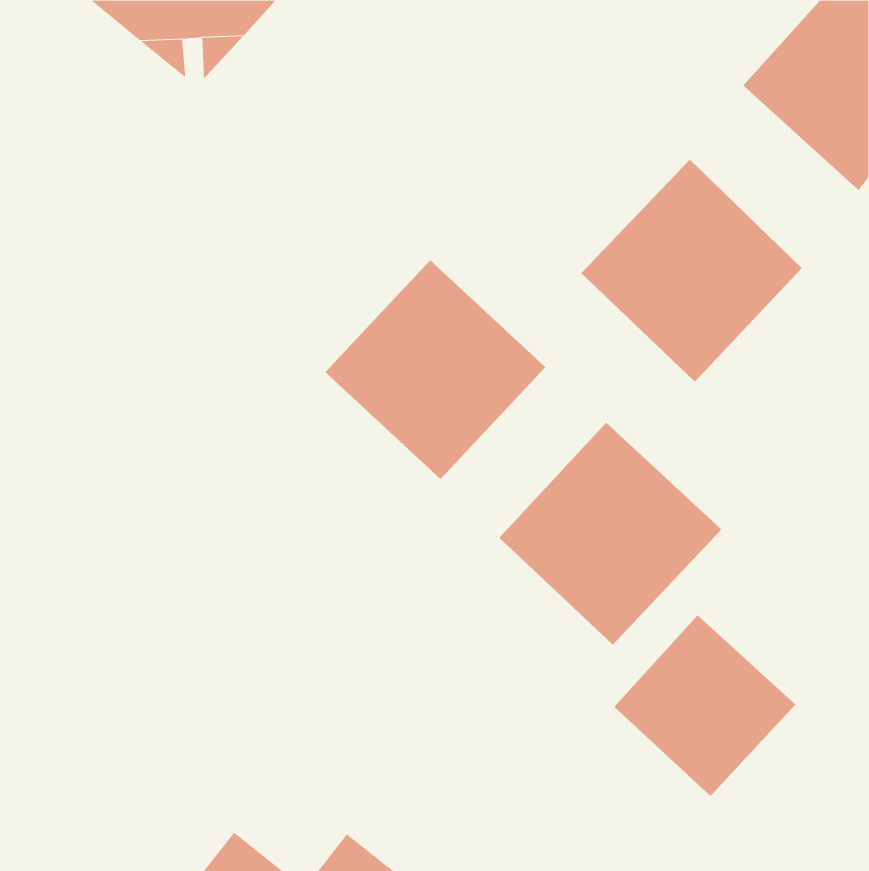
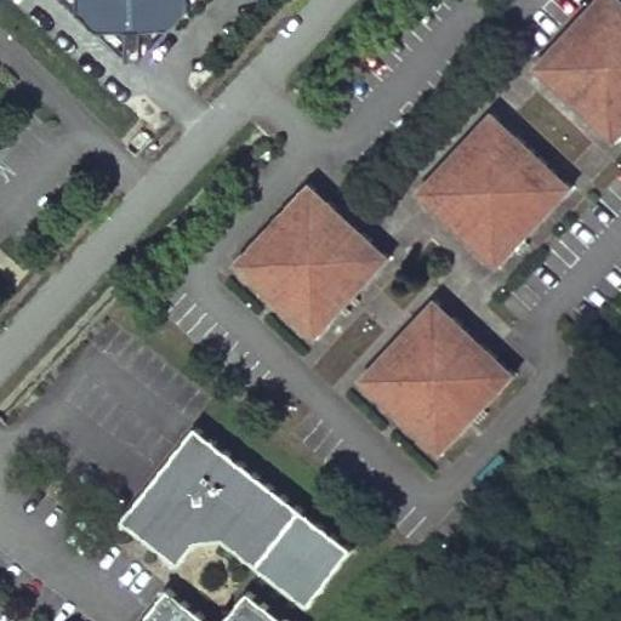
building: none -> [119,427,351,610]
building: [613,614,796,797] -> none

